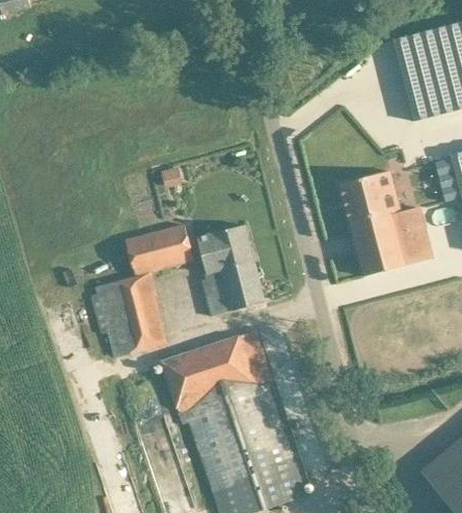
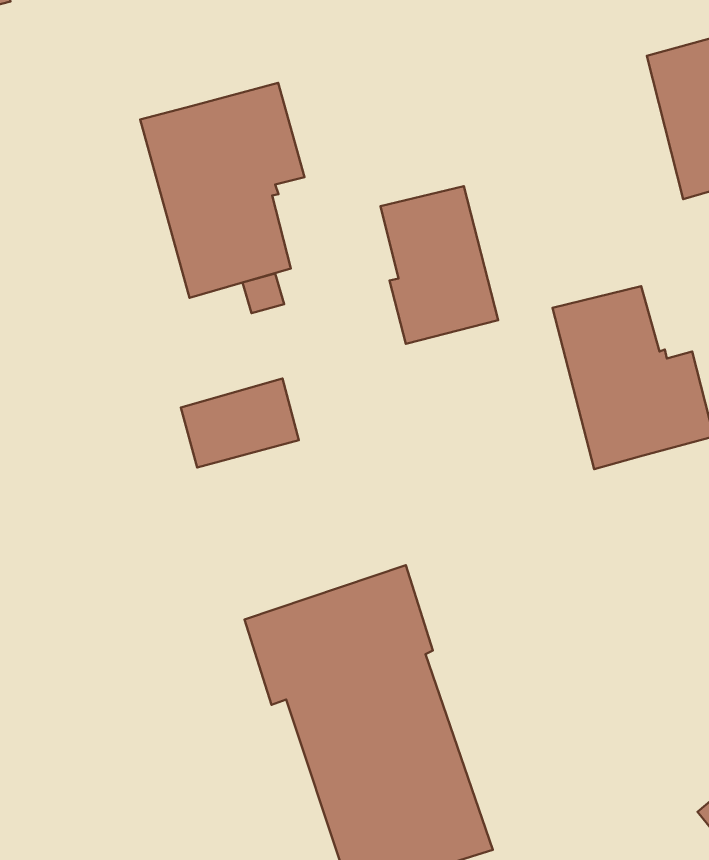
building: none -> [140,83,305,298]
building: [196,225,264,316] -> [380,186,498,344]
building: [89,273,166,358] -> none

